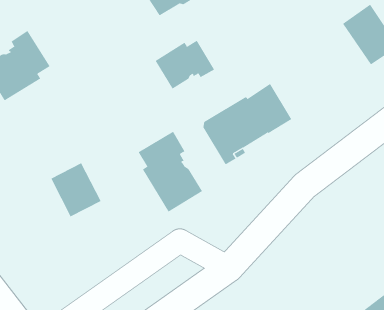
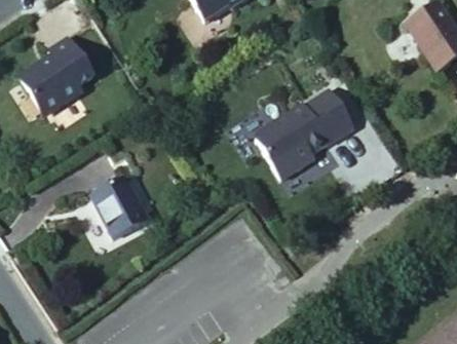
building: [155,40,215,89] -> none
building: [138,131,203,212] -> none

